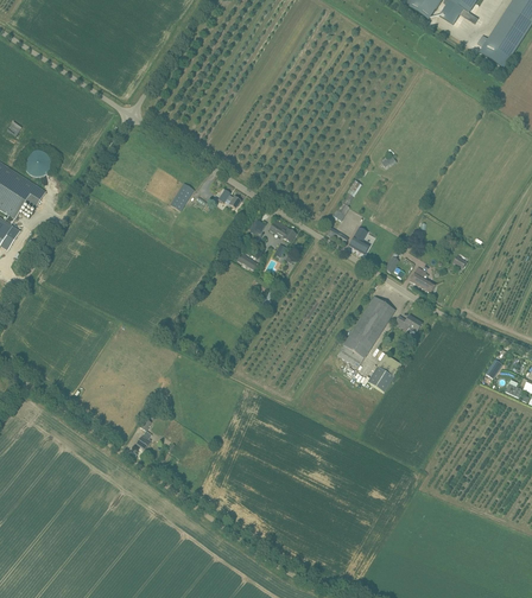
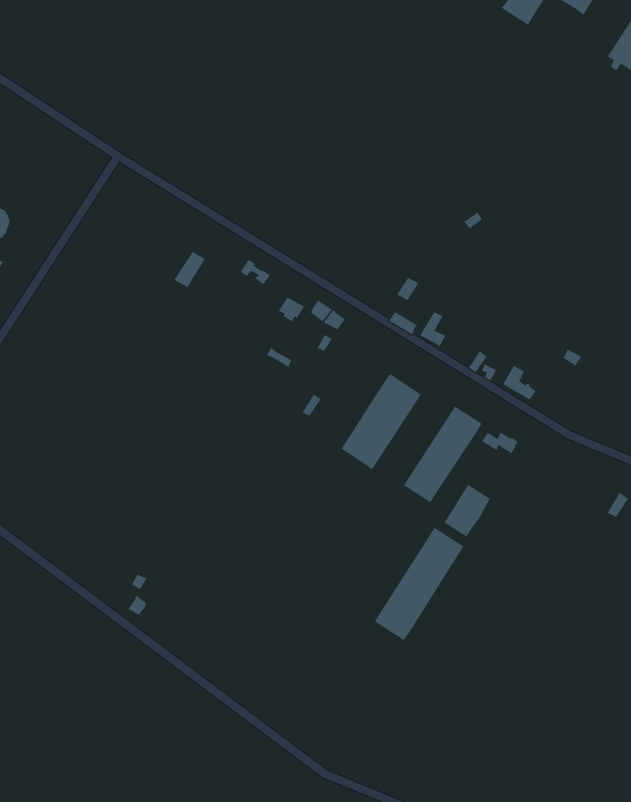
building: none -> [340,373,422,470]
building: none -> [374,527,465,641]

